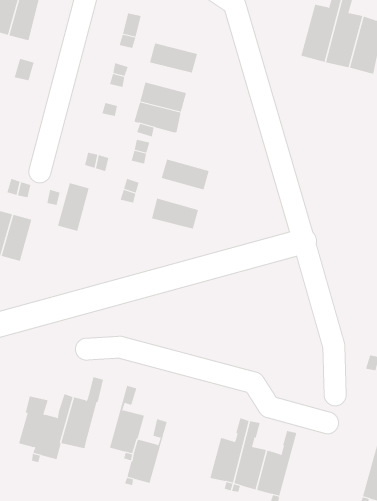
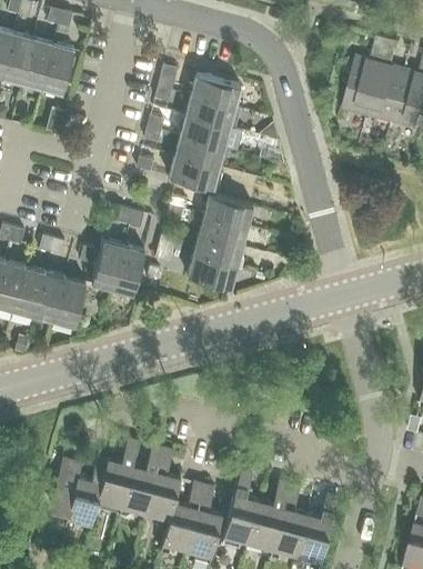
building: none -> [191,76,240,108]
building: none -> [181,117,230,148]
building: none -> [203,194,253,228]
building: none -> [193,236,242,268]
building: none -> [112,246,144,296]
building: none -> [53,278,85,327]
building: none -> [120,446,162,516]
building: none -> [221,471,259,547]
building: none -> [187,486,222,562]

